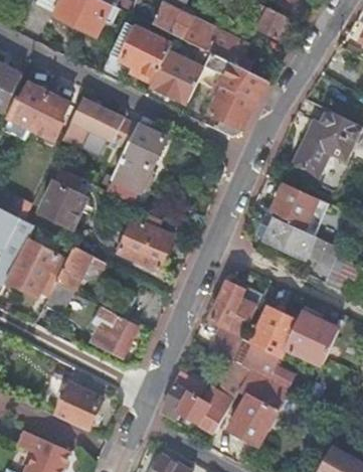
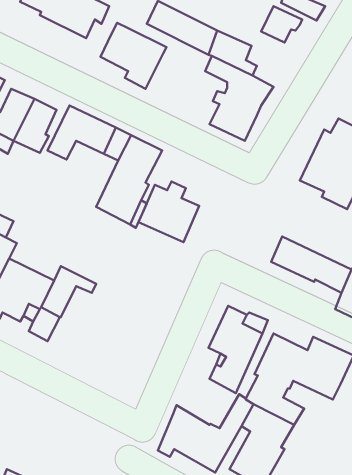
building: [150,50,204,104] -> none
building: [38,166,86,227] -> none
building: [263,180,318,227] -> none
building: [118,215,173,271] -> [138,181,199,242]
building: [88,306,138,357] -> none
building: [55,382,102,430] -> none

